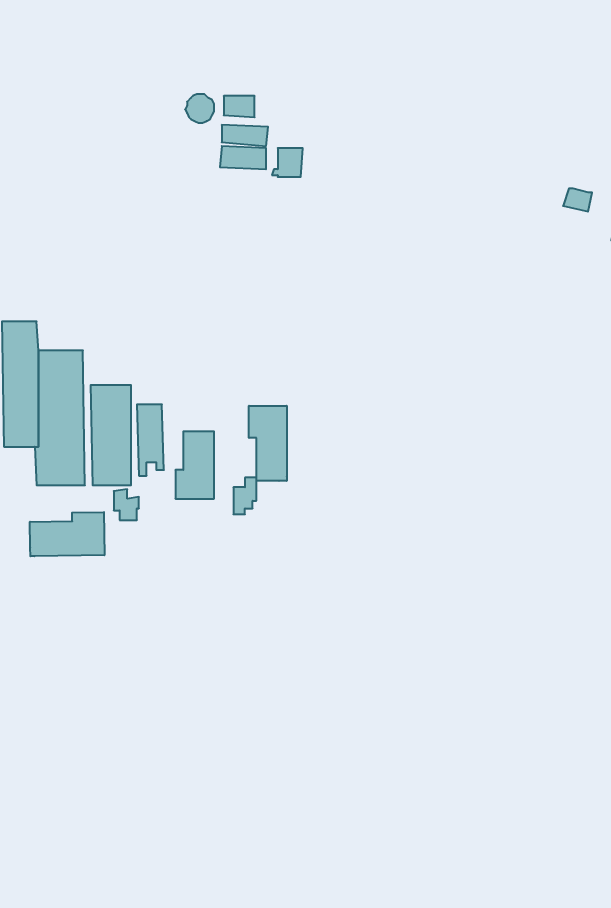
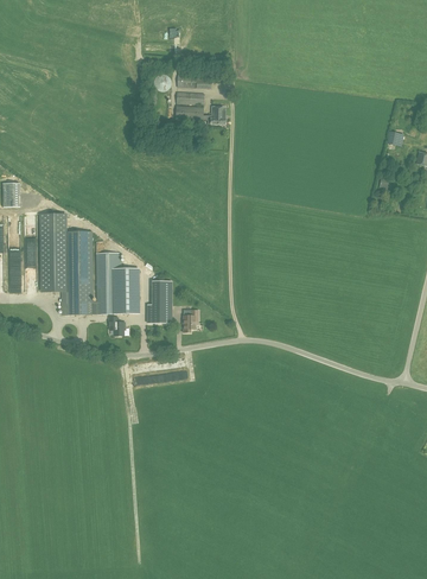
building: [249,406,287,481] -> none
building: [30,512,104,556] -> none

